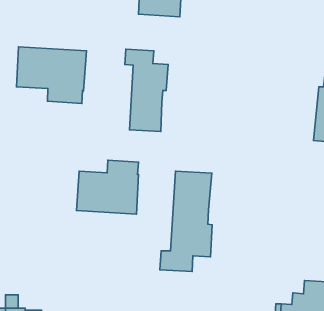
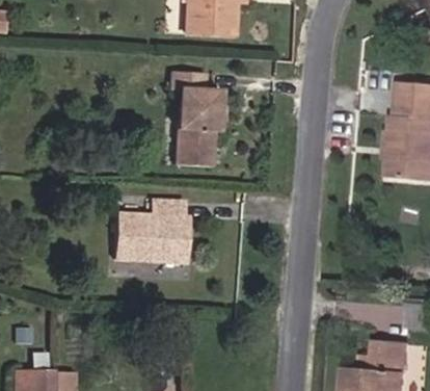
building: [17,47,86,103] -> none
building: [160,171,212,271] -> none

